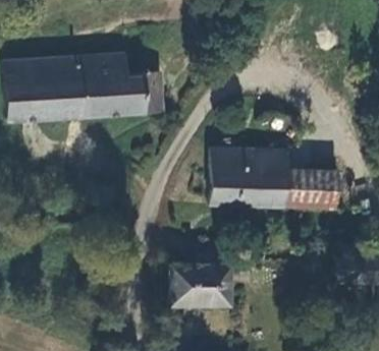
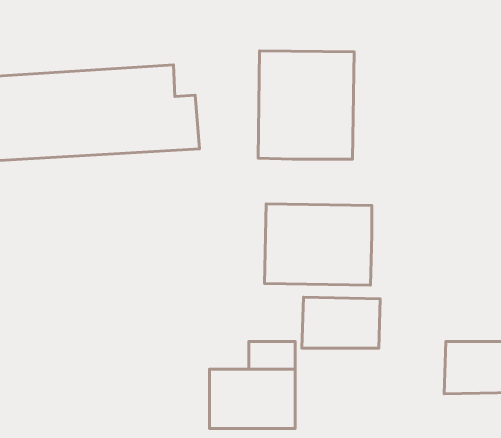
building: none -> [258,51,354,159]
building: [284,172,339,208] -> [302,297,380,348]

